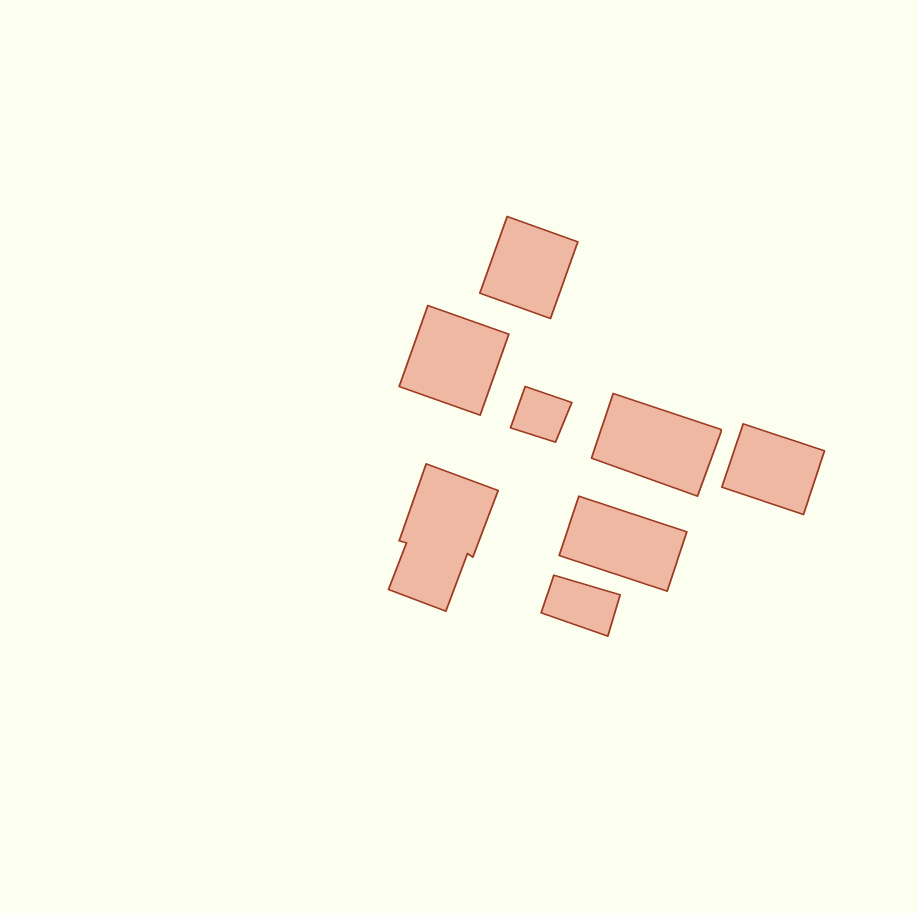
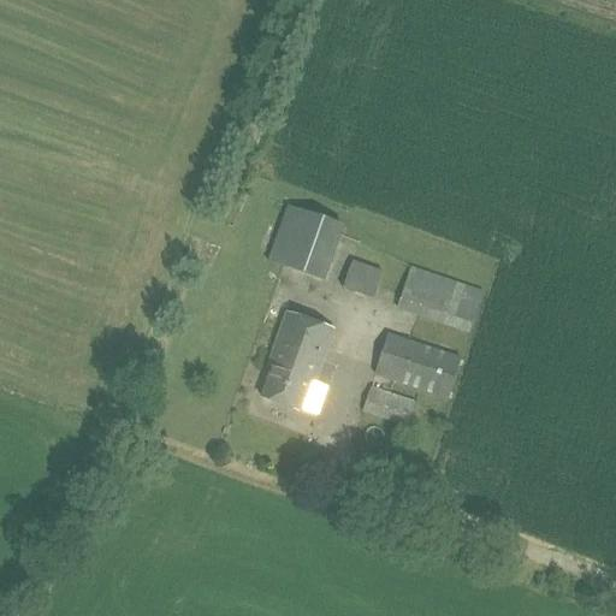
building: [480,217,578,318] -> none
building: [722,424,825,515] -> none

